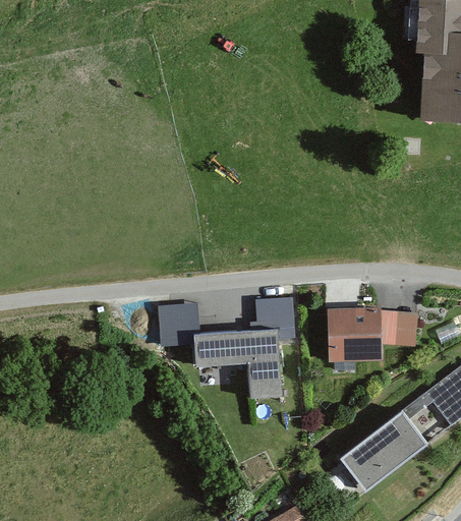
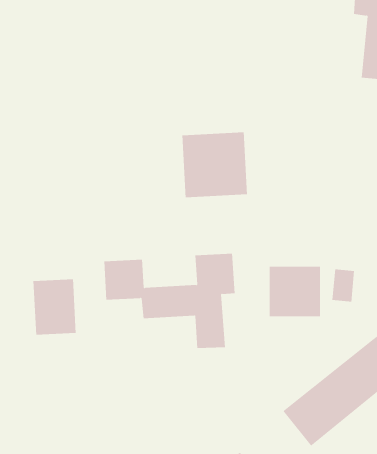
building: none -> [182,132,247,198]
building: none -> [33,278,76,336]

